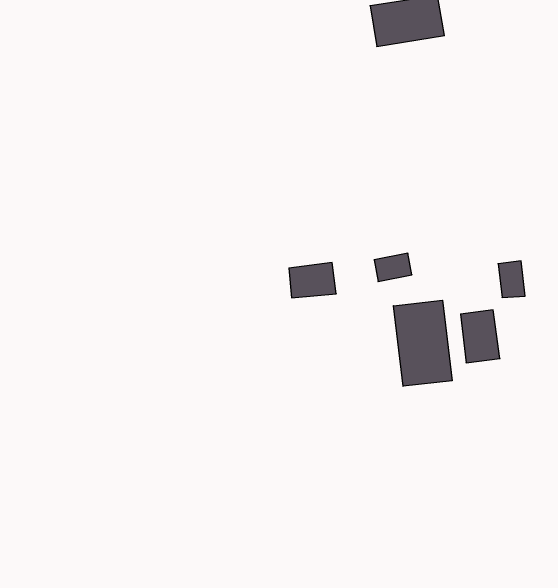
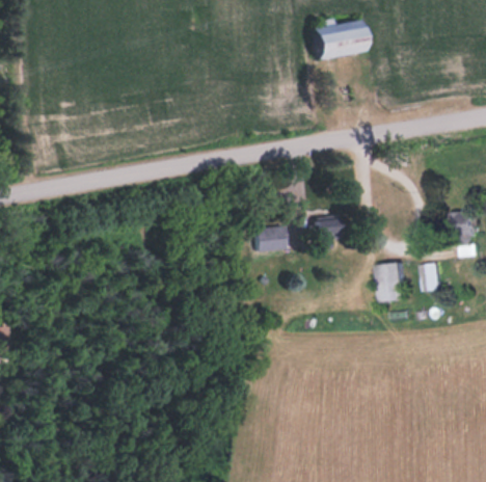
building: [498,261,525,297] -> [420,263,440,291]
building: [393,300,452,386] -> none

